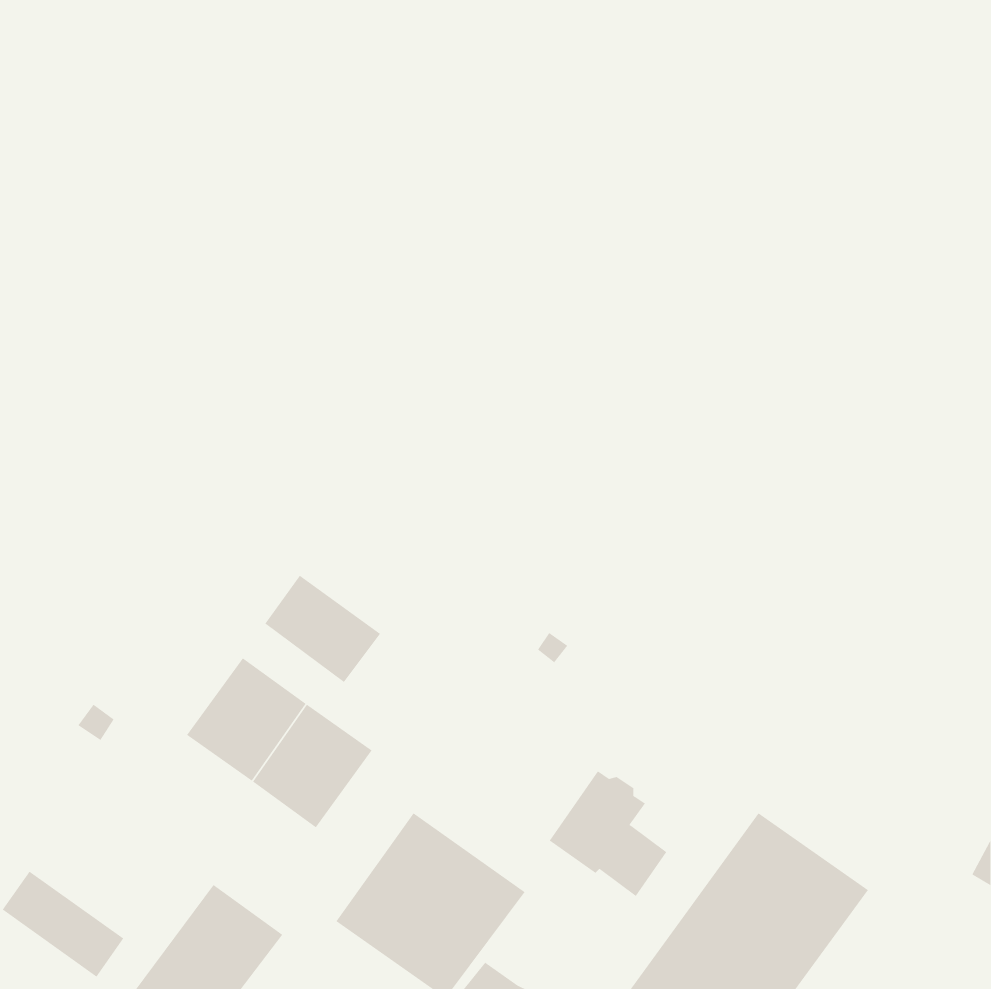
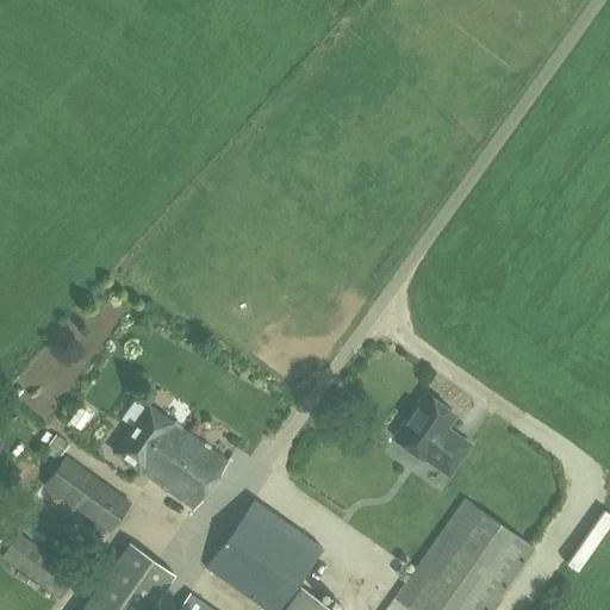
building: [265,575,381,683] -> none
building: none -> [43,455,132,534]
building: [549,771,667,897] -> [396,396,468,473]

